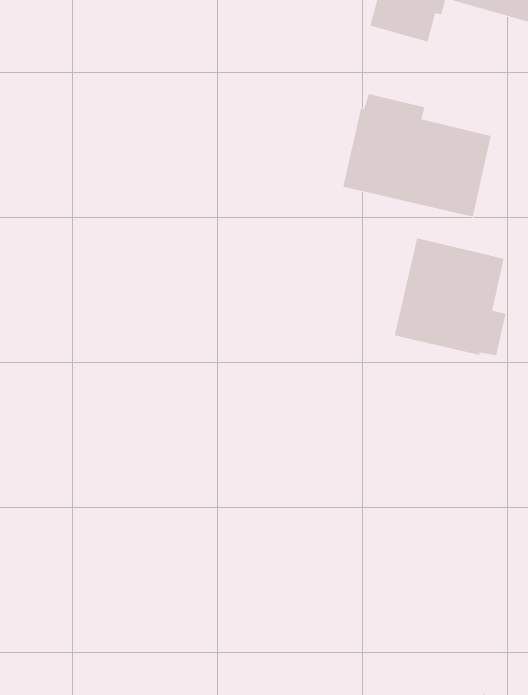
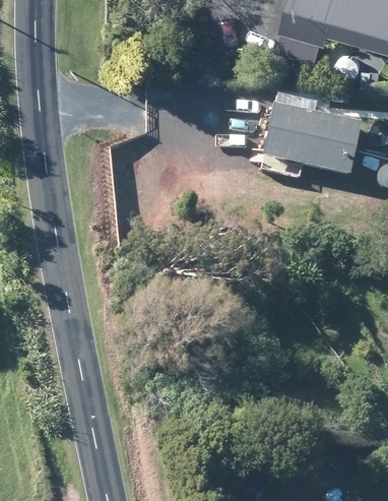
building: [394,237,506,356] -> none

